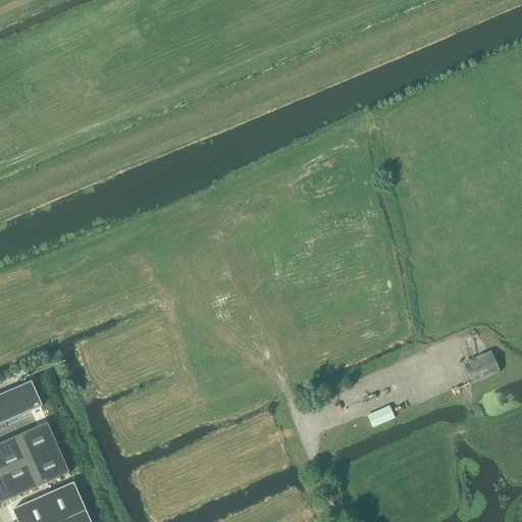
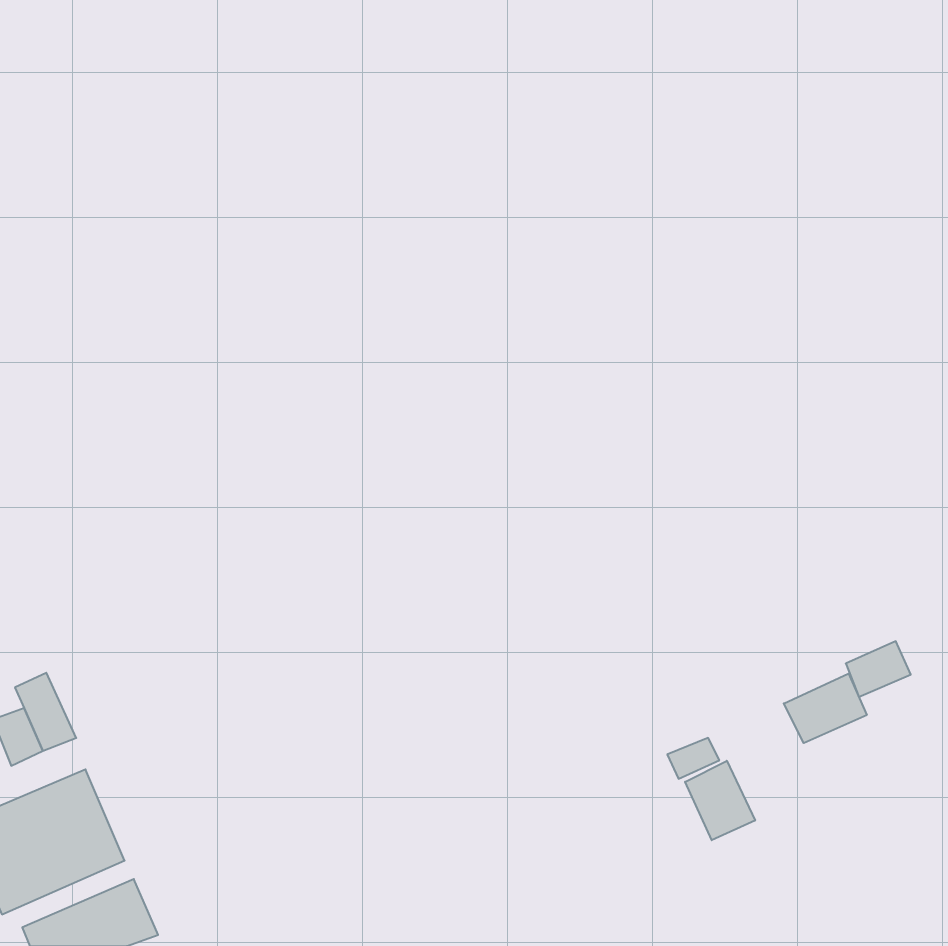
building: none -> [784,674,867,743]
building: none -> [685,761,755,840]

